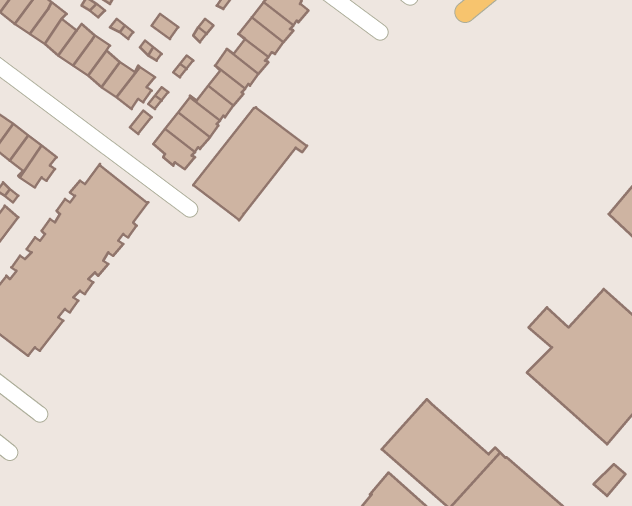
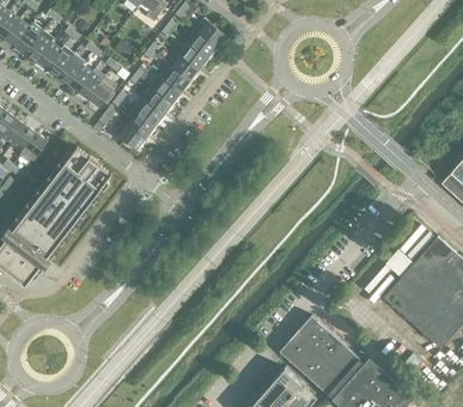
building: [193,107,307,220] -> none

